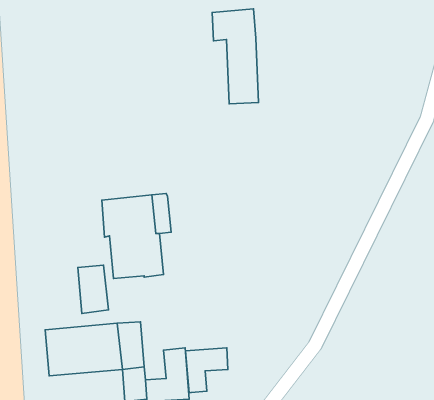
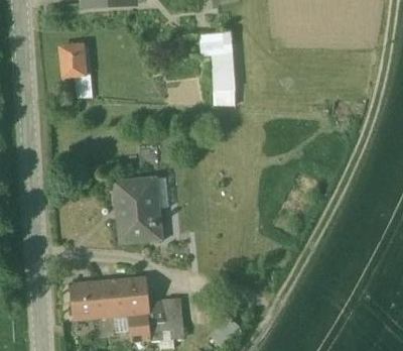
building: none -> [59,44,85,78]
building: [78,265,109,313] -> none
building: [186,348,228,393] -> none

